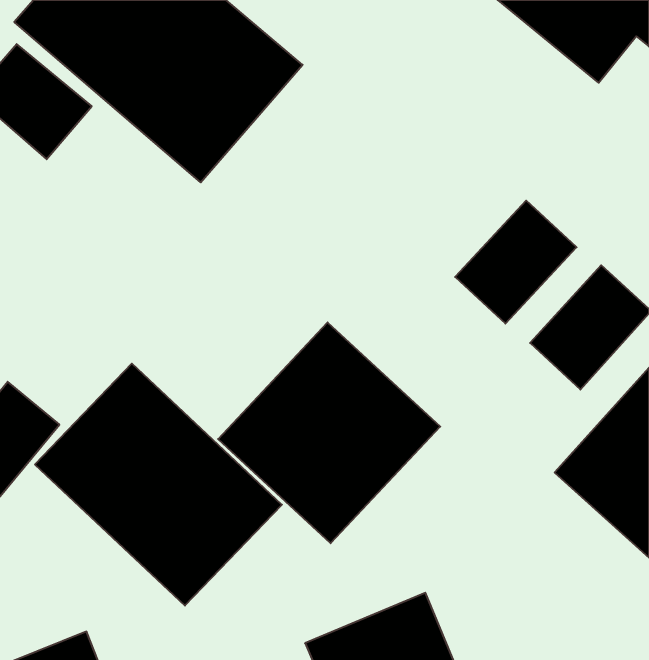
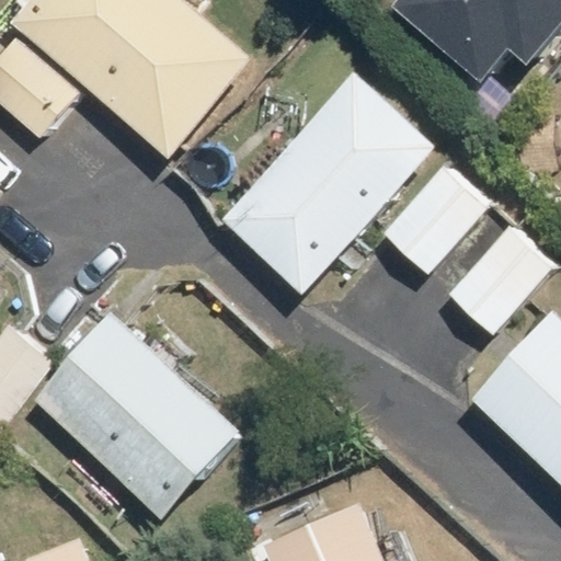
building: none -> [221,72,437,293]
building: [218,322,440,543] -> none

